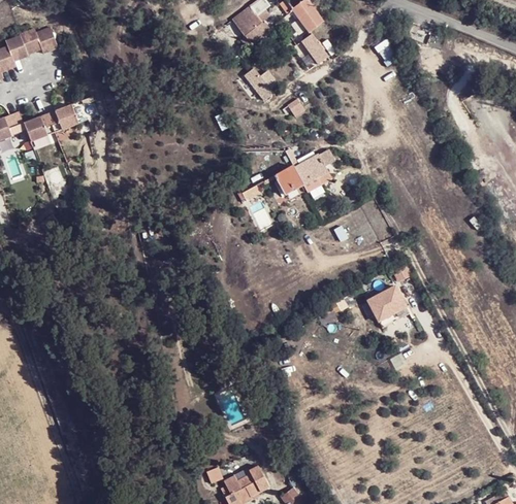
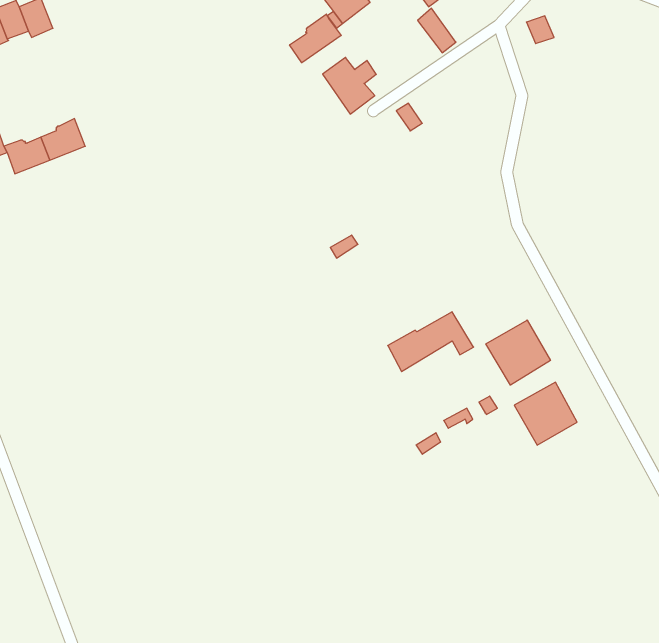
building: none -> [290,14,341,63]
building: [275,154,332,194] -> [388,312,474,372]
building: none -> [486,320,550,385]

